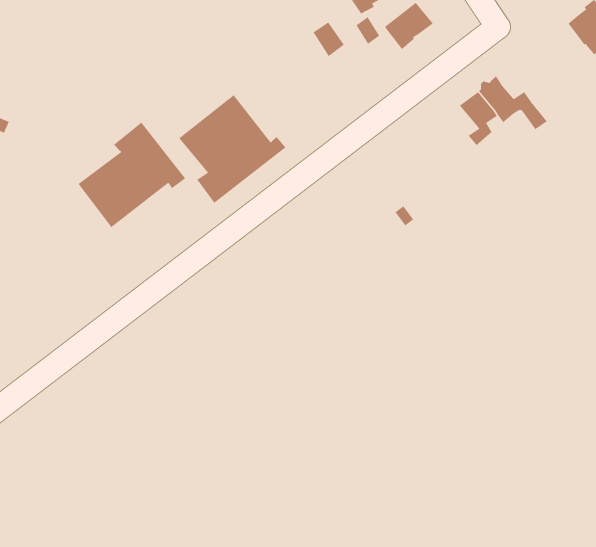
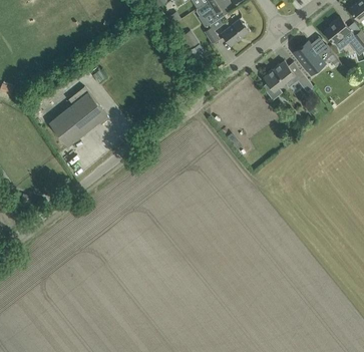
building: none -> [293,43,332,75]
building: [178,94,286,204] -> none

